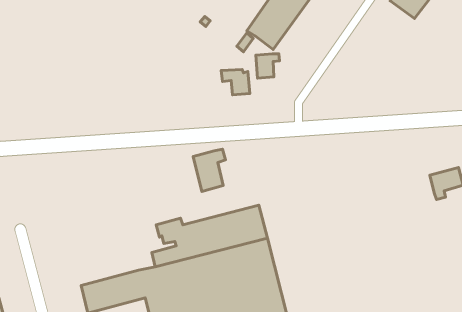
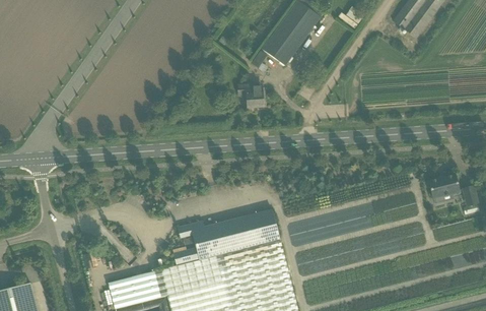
building: [256,54,279,78] -> none
building: [193,149,226,191] -> none

